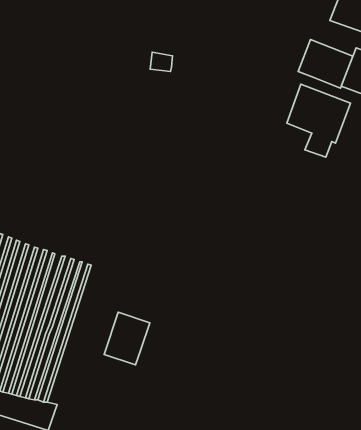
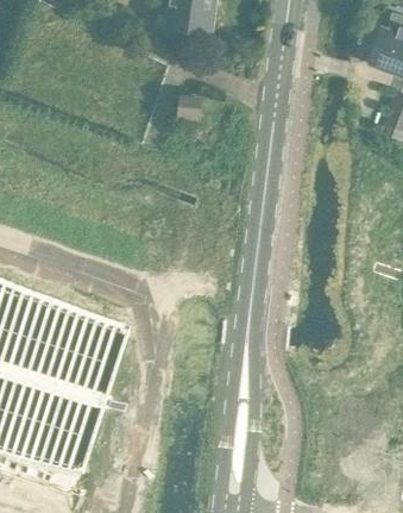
building: [298,39,353,88] -> none
building: [287,84,350,157] -> none
building: [104,312,150,365] -> none

